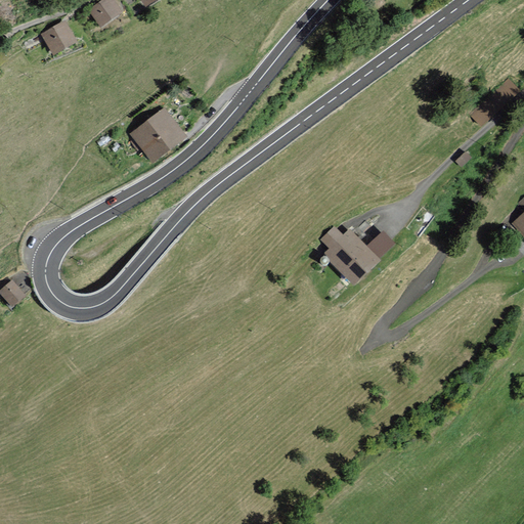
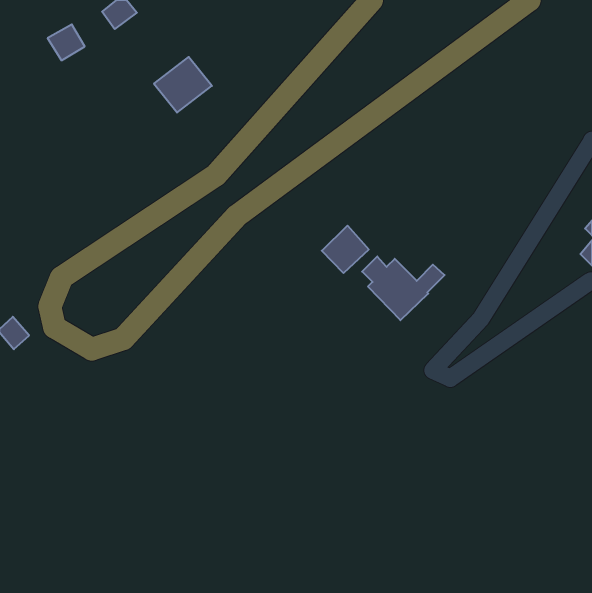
building: [132,110,183,159] -> [154,57,212,113]
building: none -> [322,226,369,273]

